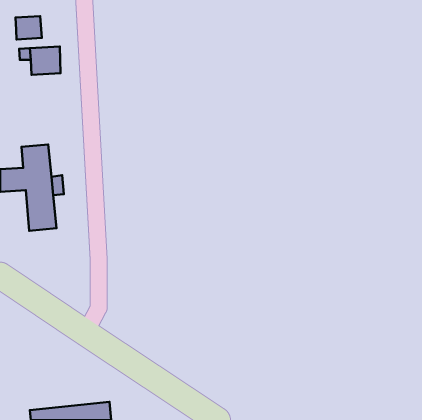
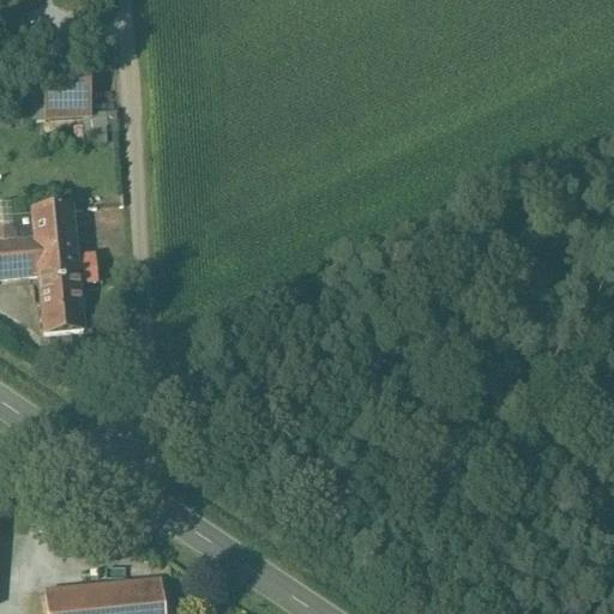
building: [16,16,42,39] -> none

